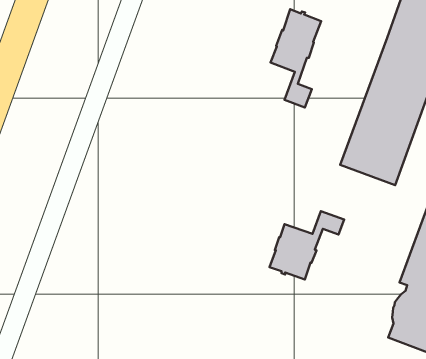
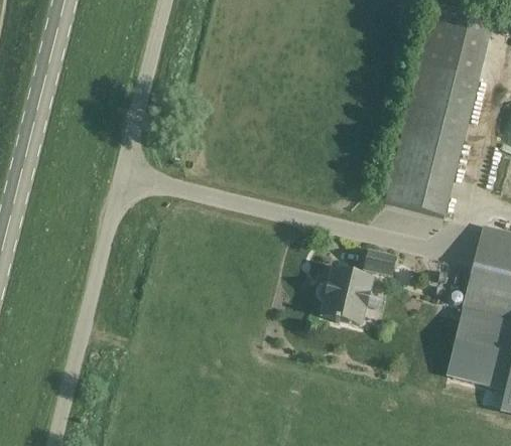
building: [270,9,321,108] -> none

